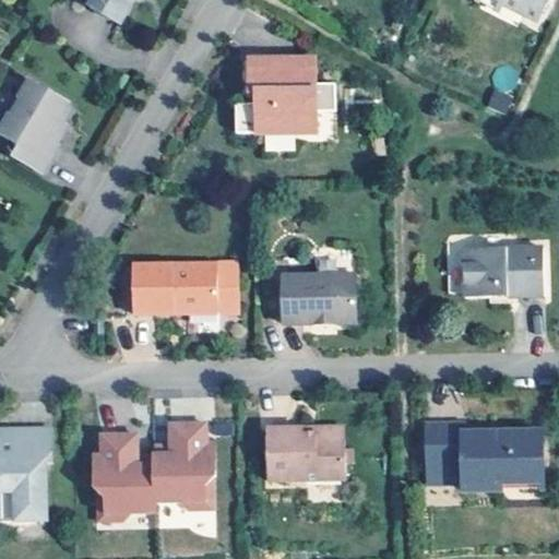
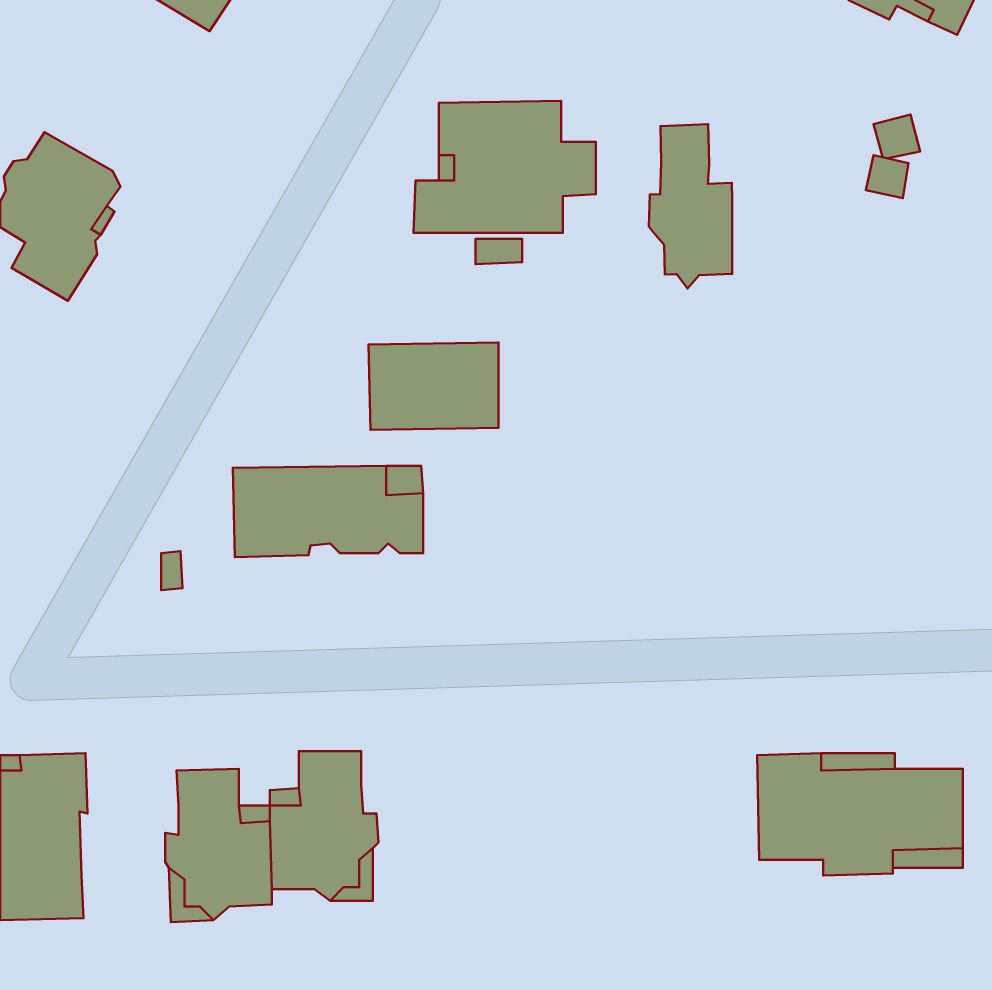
building: none -> [649,124,732,289]
building: [450,245,545,295] -> none
building: [282,274,355,323] -> [369,343,499,430]
building: [267,425,345,479] -> none

